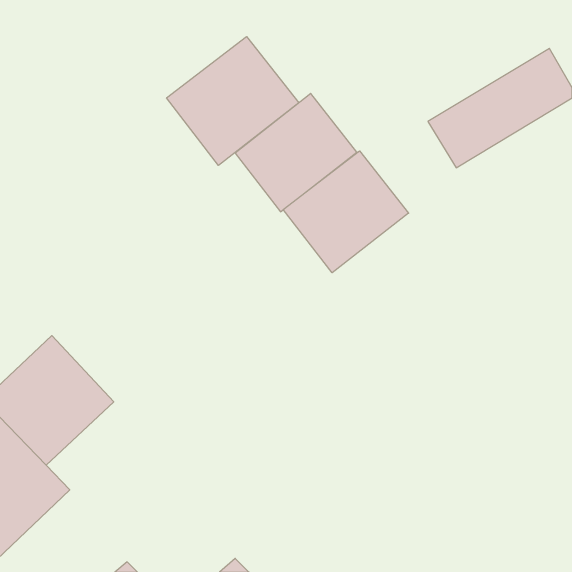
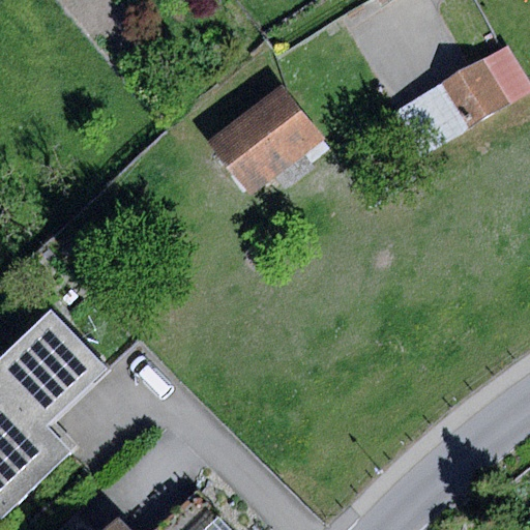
building: [167,37,299,165] -> none
building: [283,151,409,273] -> none

